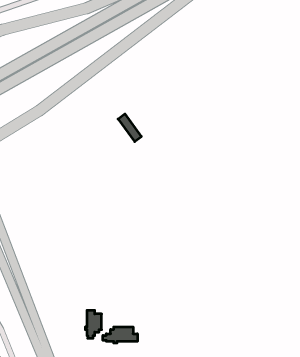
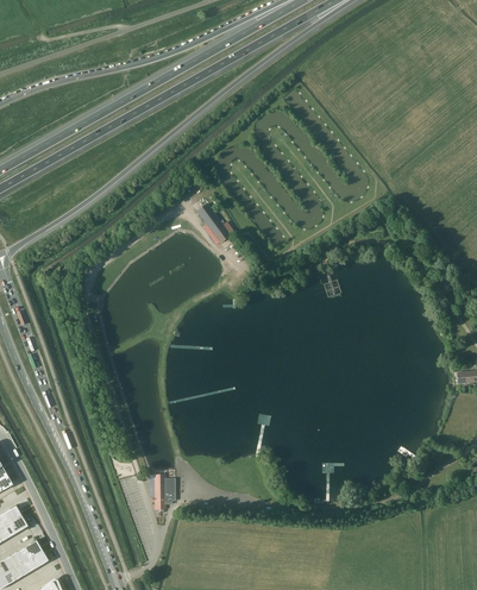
building: [103,327,137,343] -> none

